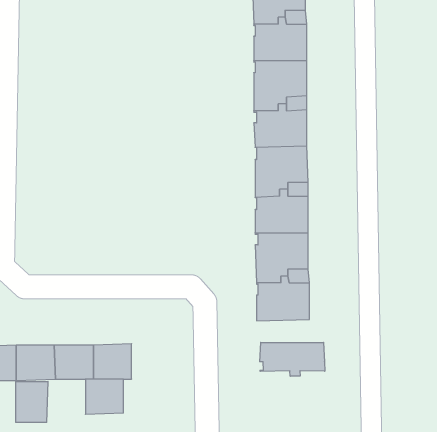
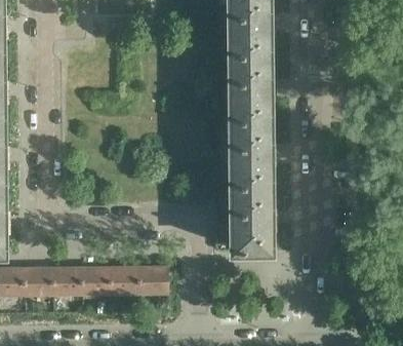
building: [260,342,325,376] -> none
building: [85,379,123,414] -> [136,269,165,296]
building: [16,381,48,422] -> none

